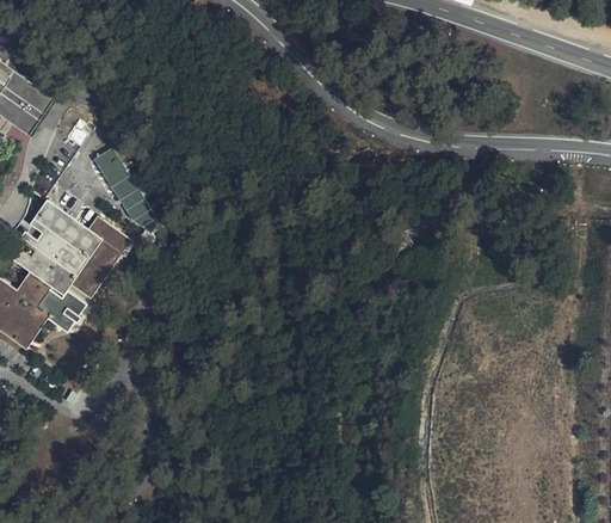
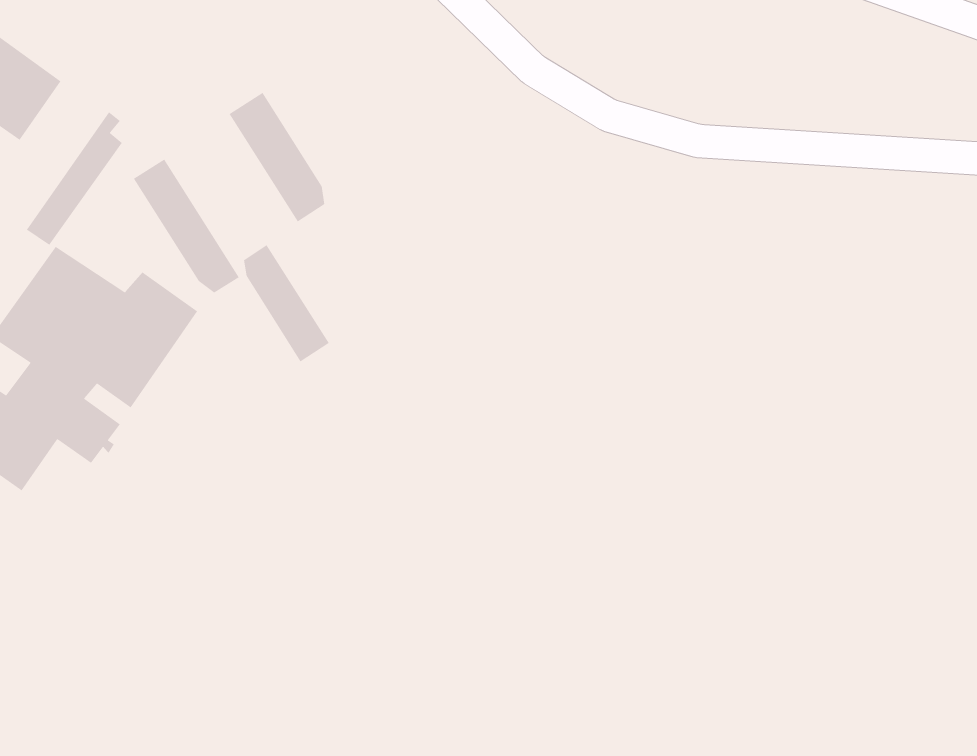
building: none -> [229,92,325,222]
building: none -> [243,244,330,362]

